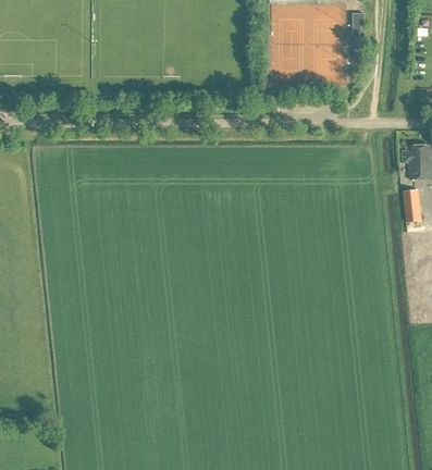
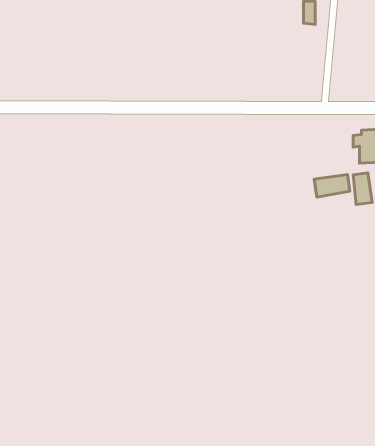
building: none -> [314,174,350,197]

